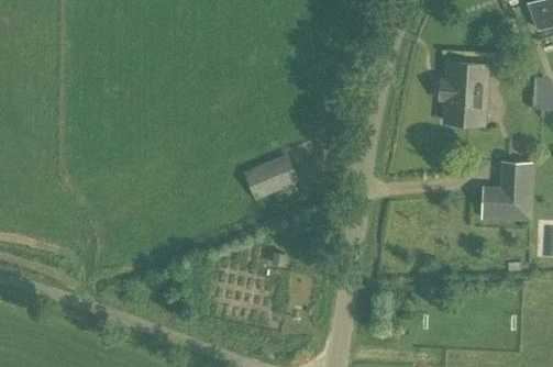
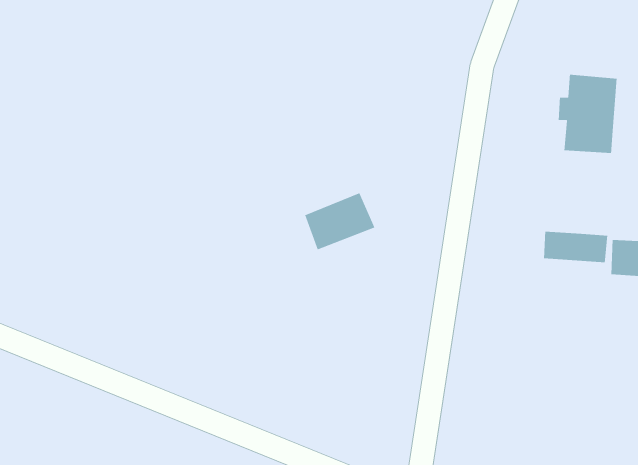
building: none -> [543,231,608,263]

